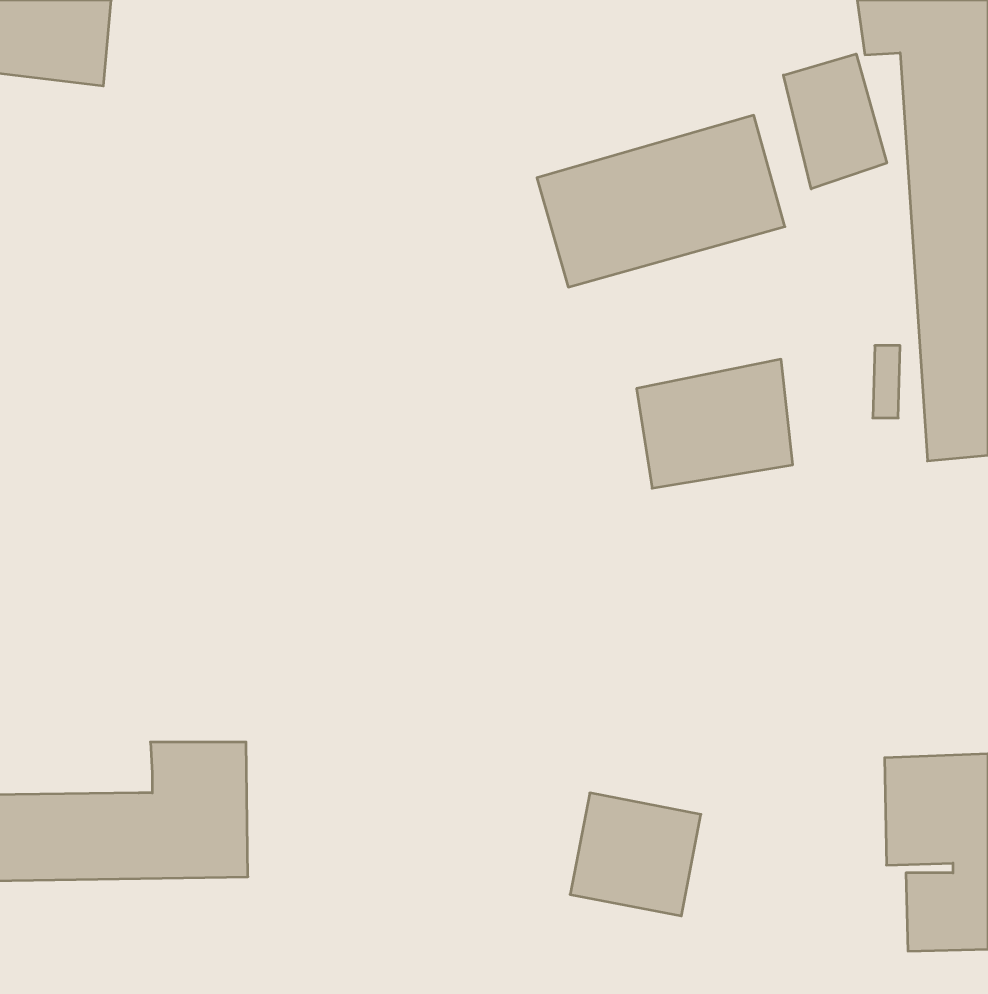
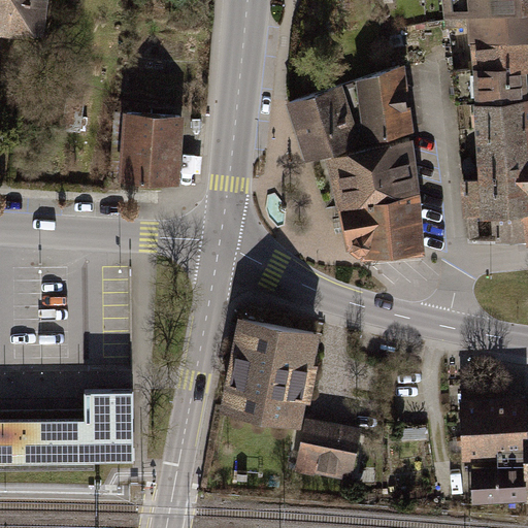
building: [783,54,887,189] -> none
building: none -> [124,116,187,188]
building: none -> [326,140,412,207]
building: none -> [228,318,325,425]

